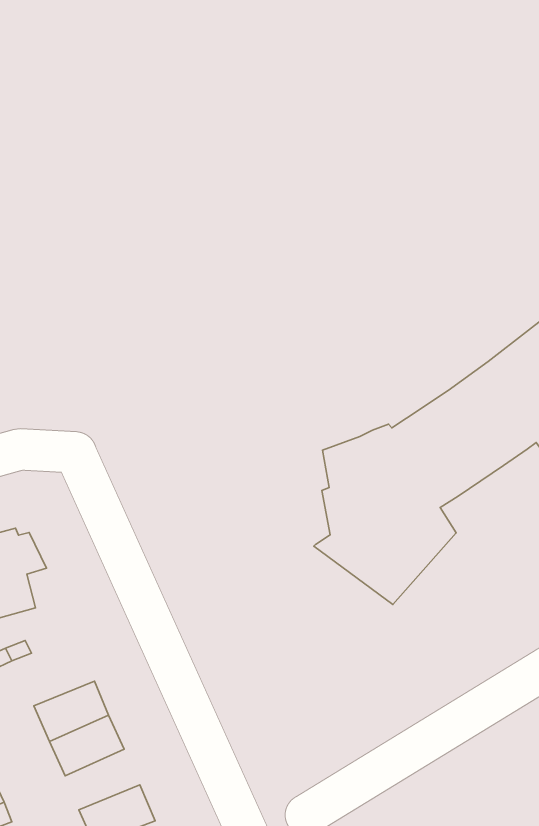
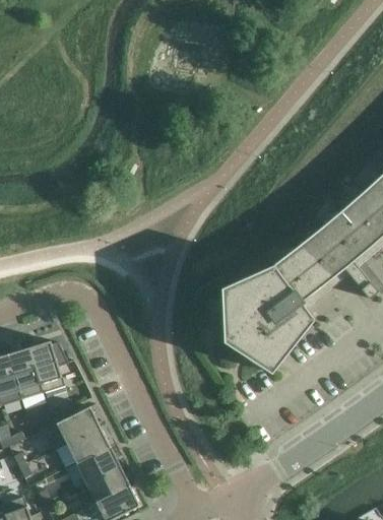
building: none -> [56,406,101,443]
building: none -> [86,465,130,502]

